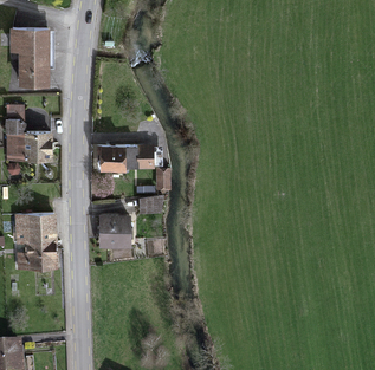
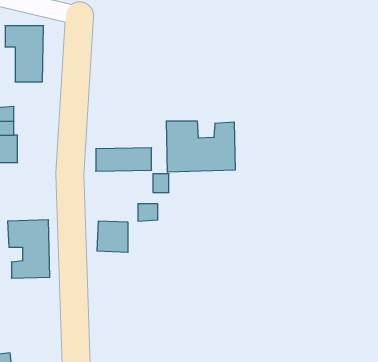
building: none -> [166,121,235,172]
building: [25,131,49,158] -> none

